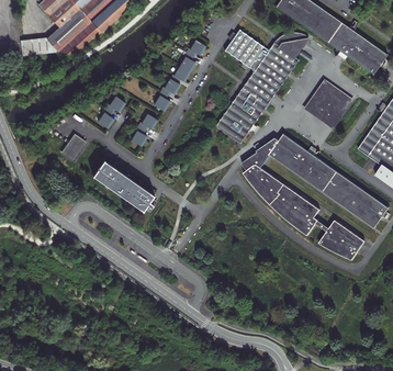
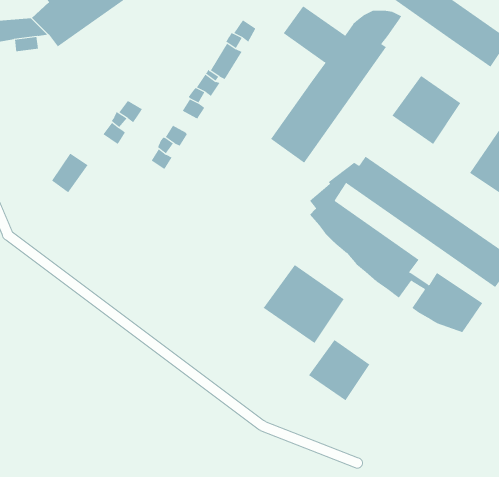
building: [93,159,154,210] -> none
building: none -> [263,264,344,344]
building: none -> [308,339,370,401]

